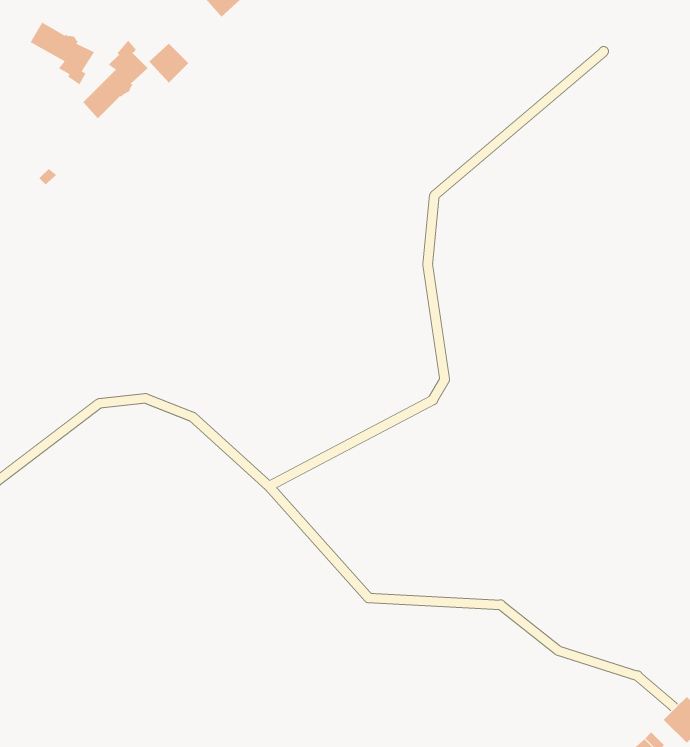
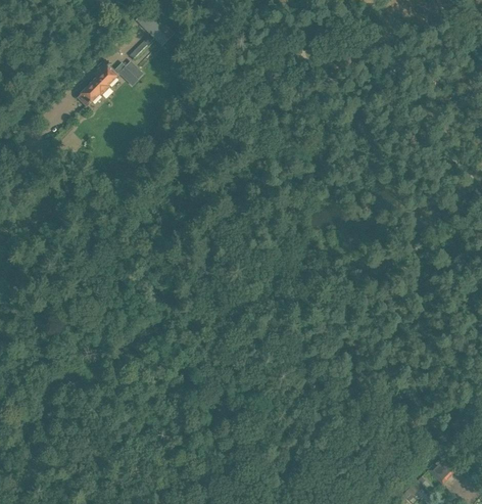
building: [30,22,95,85] -> none

